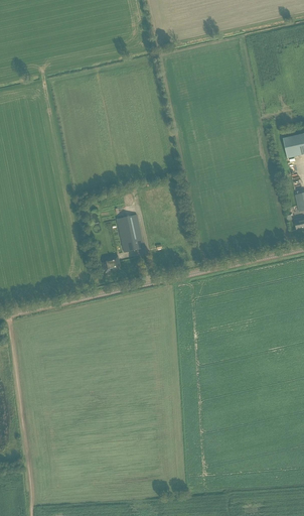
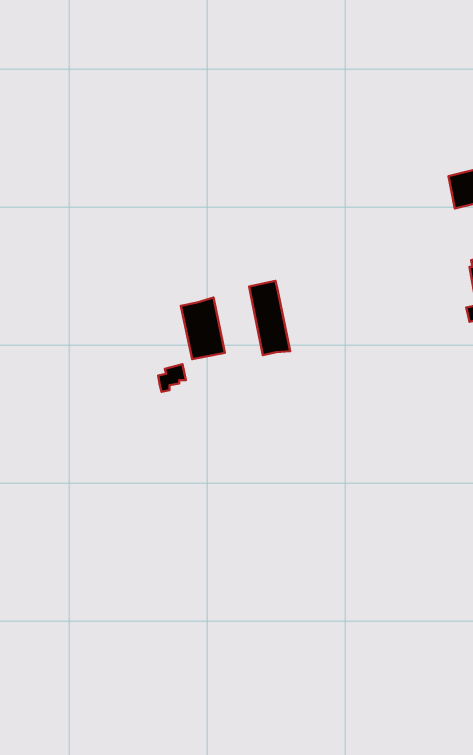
building: none -> [249,281,290,355]

